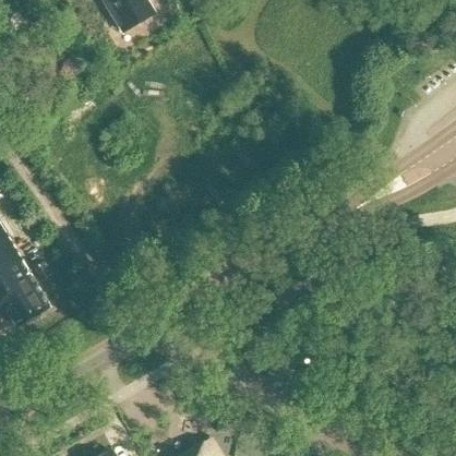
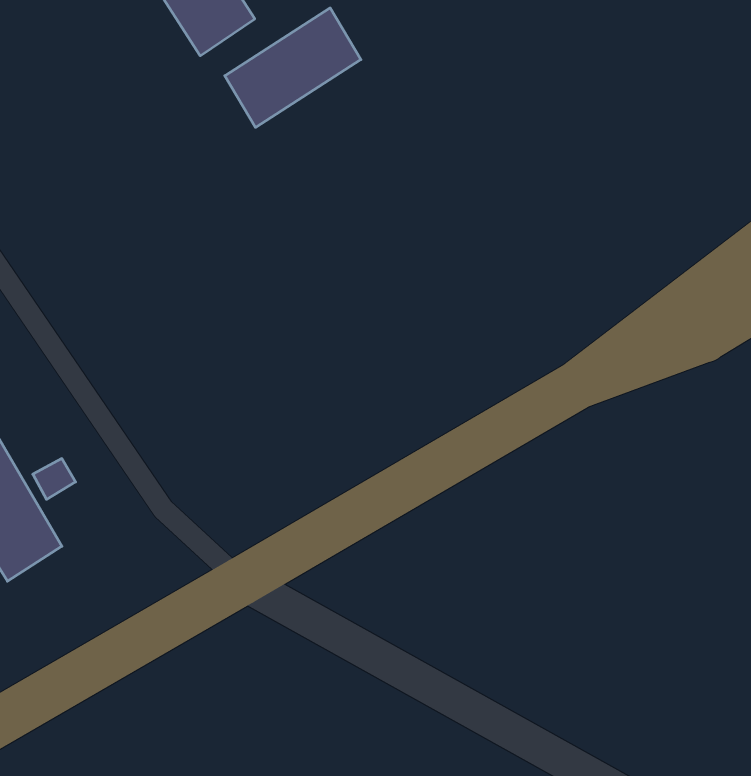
building: none -> [225,8,361,127]

